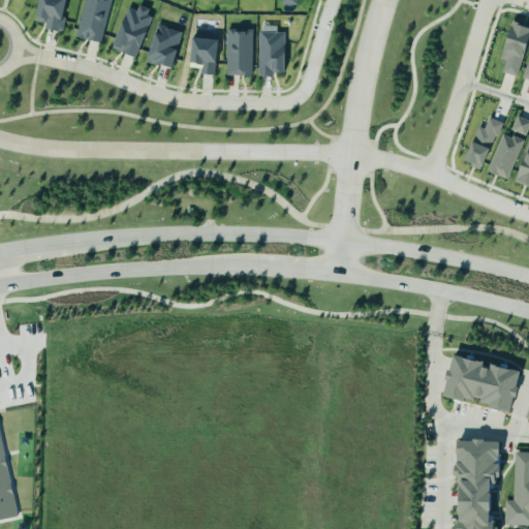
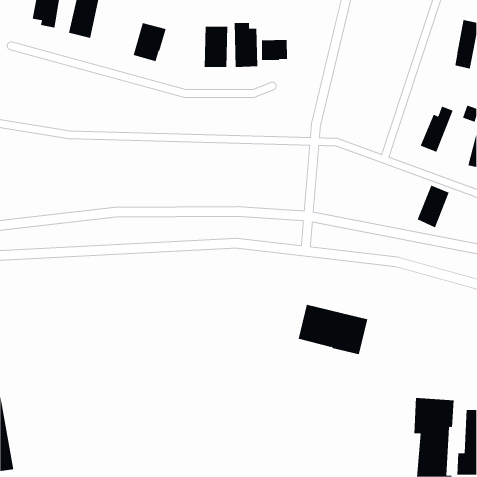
building: [112,4,153,57] -> none
building: [191,37,218,74] -> none
building: none -> [261,39,288,61]
building: [487,132,523,180] -> [417,185,450,228]
building: [444,355,522,411] -> [298,304,368,355]

